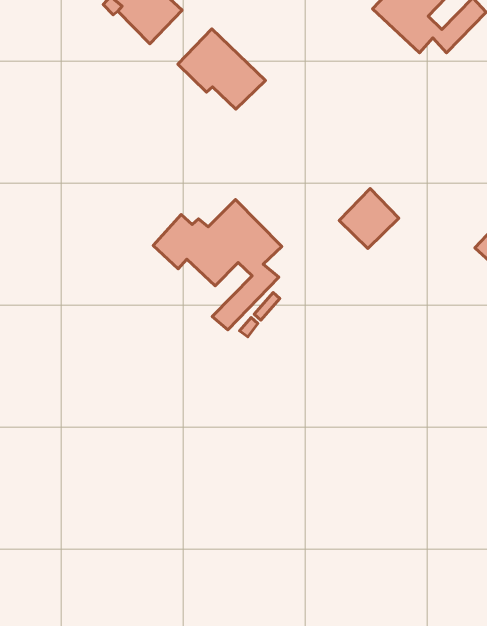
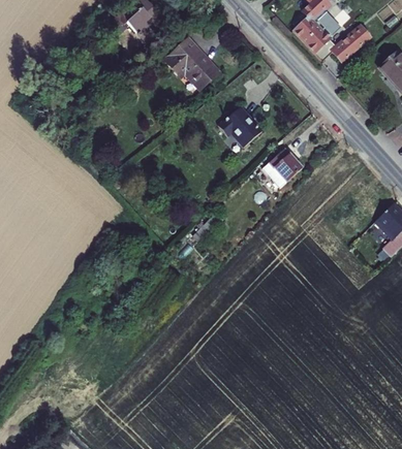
building: none -> [218,106,261,147]
building: [153,200,282,330] -> none

